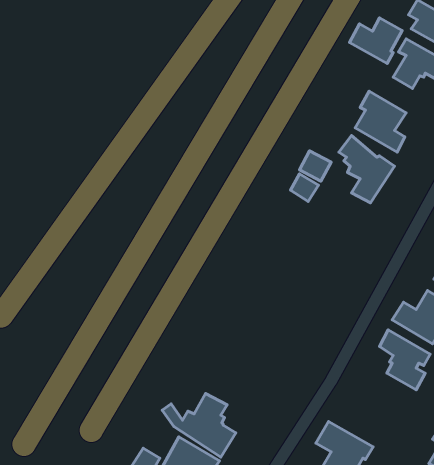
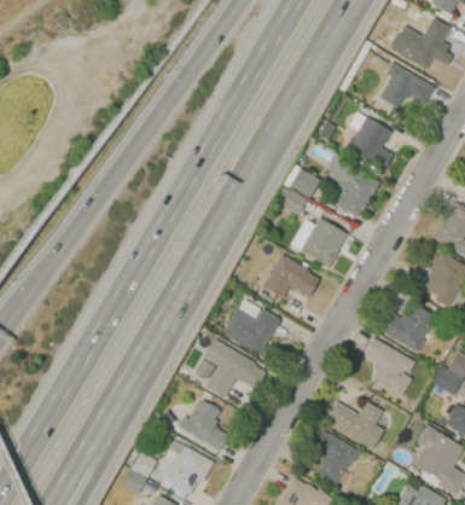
building: [349,18,402,64] -> none
building: none -> [300,217,349,267]
building: none -> [262,252,319,298]
building: none -> [222,308,280,355]
building: none -> [203,338,269,397]
building: none -> [322,397,382,447]

